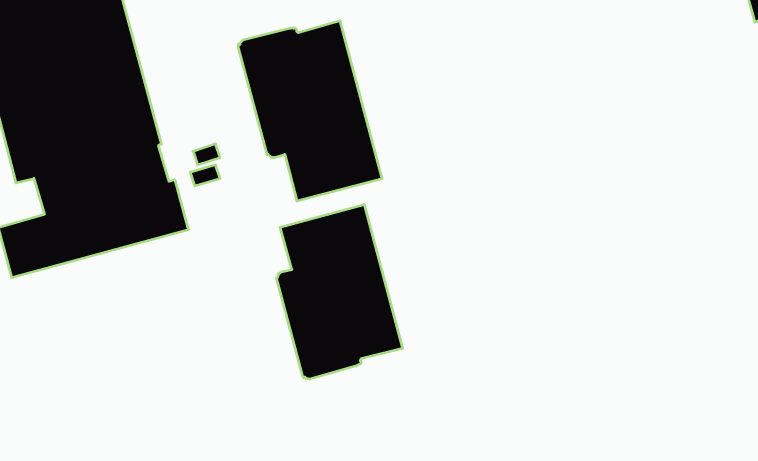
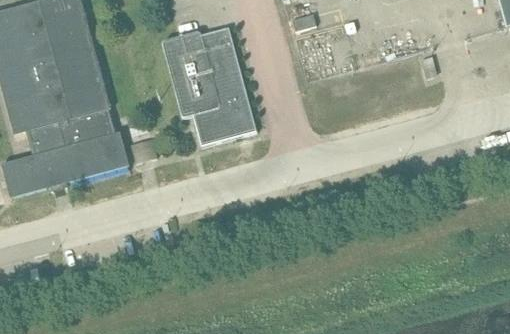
building: [276,204,403,379] -> none

